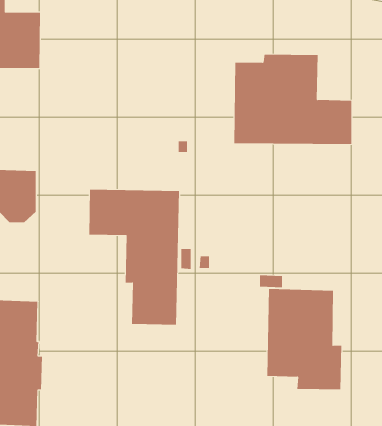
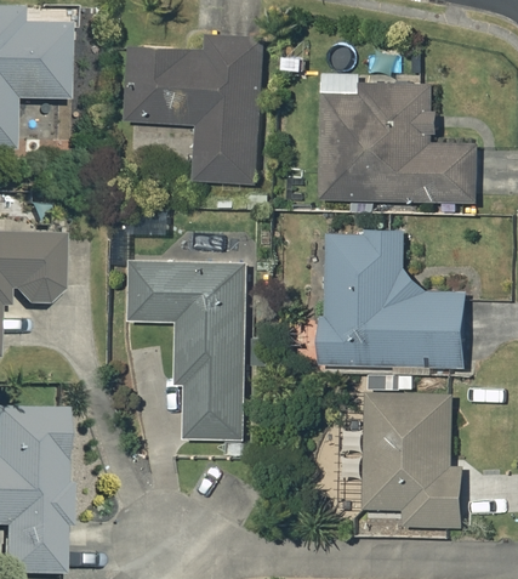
building: none -> [124,33,263,183]
building: none -> [318,228,465,373]

